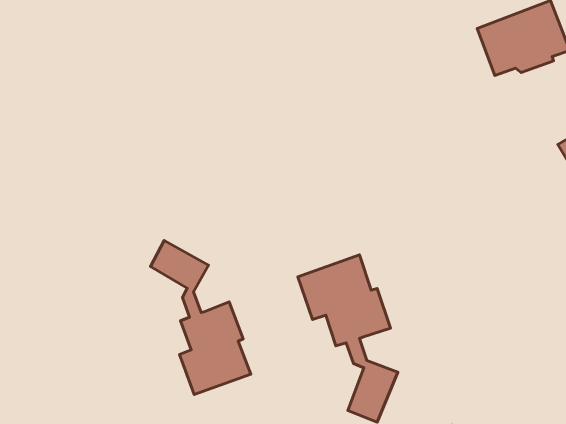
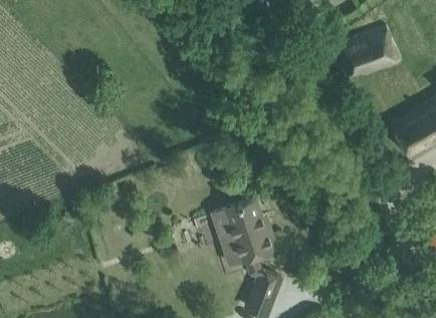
building: [150,240,251,394] -> none

